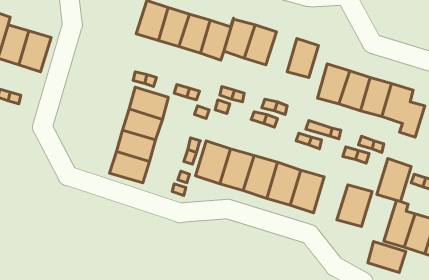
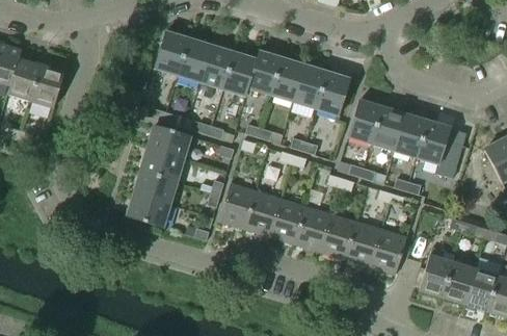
building: none -> [293,66,326,108]
building: [377,159,411,201] -> [344,221,380,266]
building: [368,242,406,272] -> none

